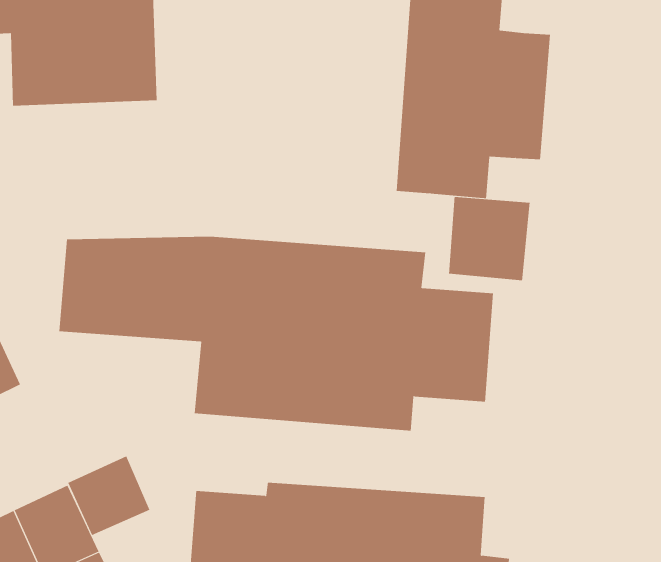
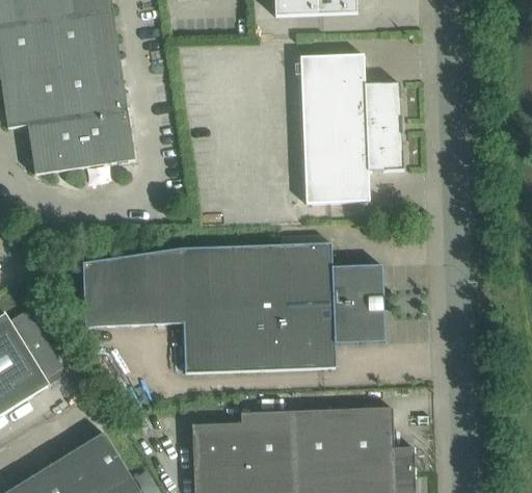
building: [448,196,530,281] -> none
building: [67,456,150,536] -> none

